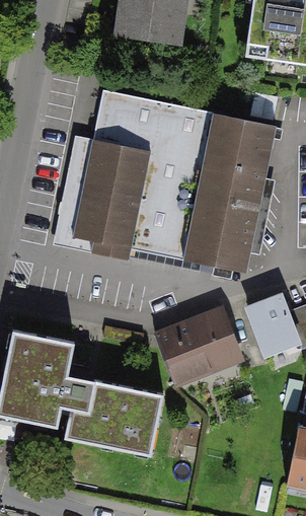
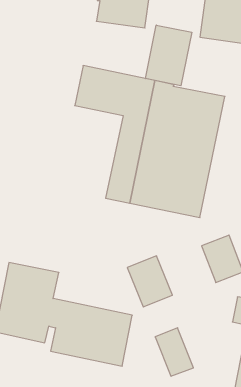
building: none -> [145,25,192,86]
building: [53,135,152,262] -> none
building: [193,310,239,369] -> [155,328,193,376]

